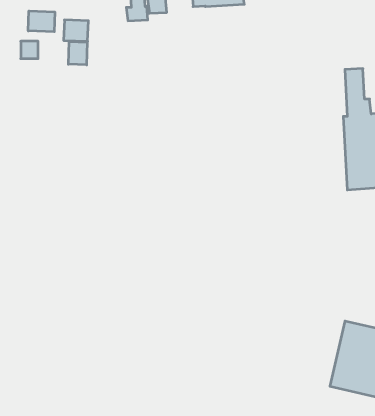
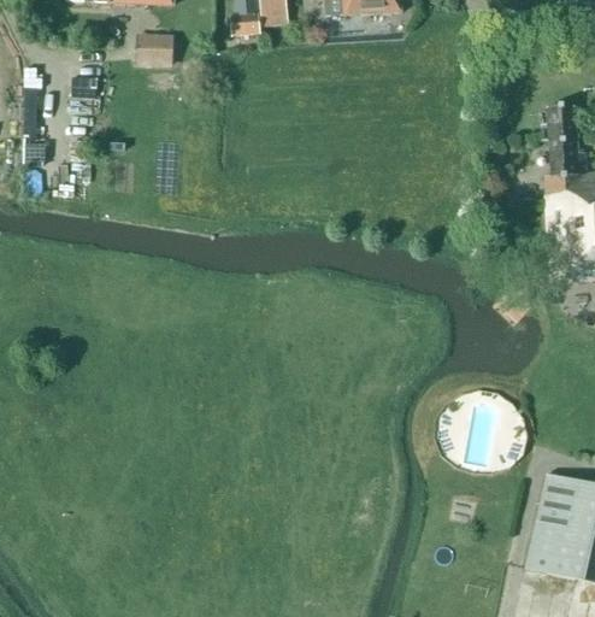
building: [28,11,55,32] -> none
building: [68,42,87,65] -> none

